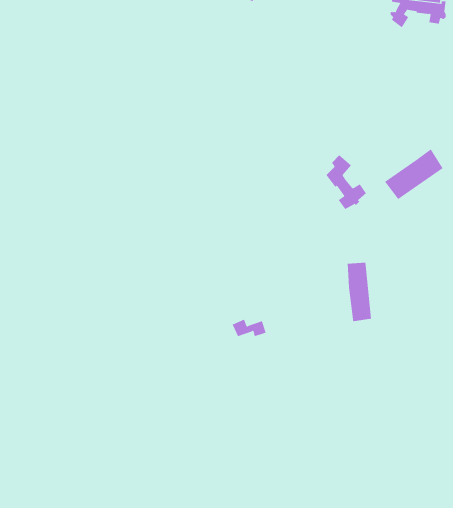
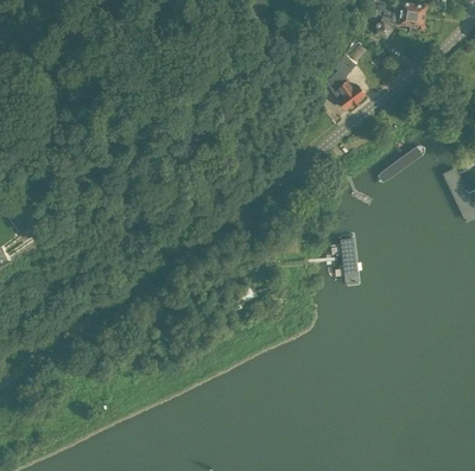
building: [325,154,367,210] -> [329,62,365,109]

